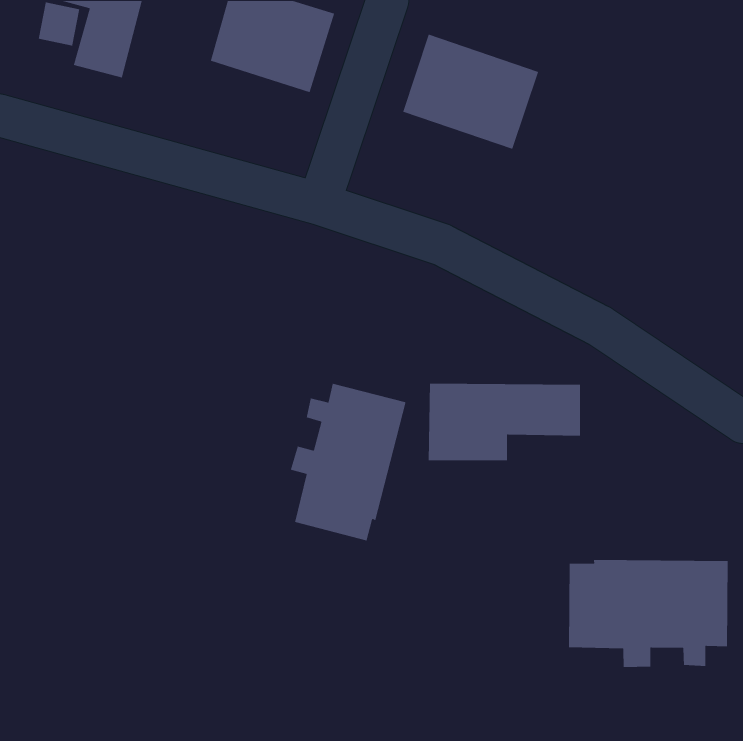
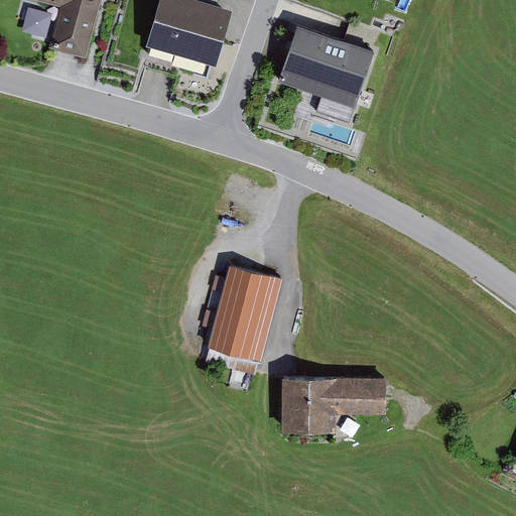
building: [428,383,581,461] -> [280,378,386,432]
building: [568,559,729,668] -> none

